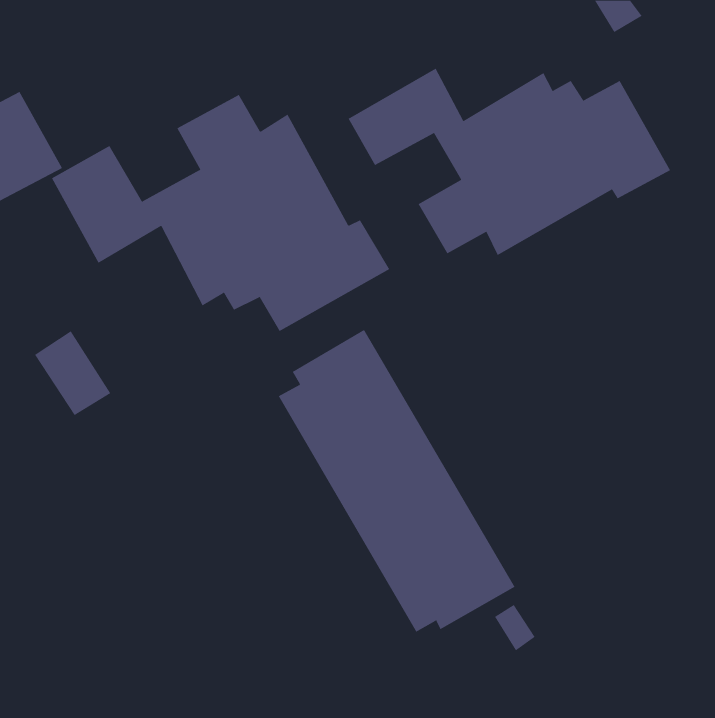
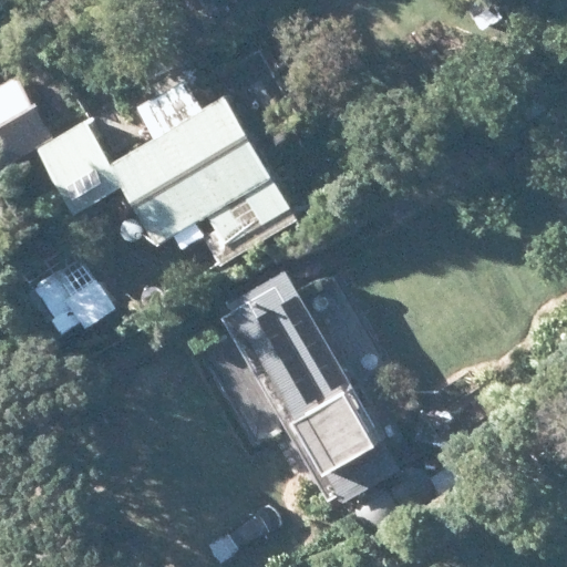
building: [348,68,671,256] -> none

